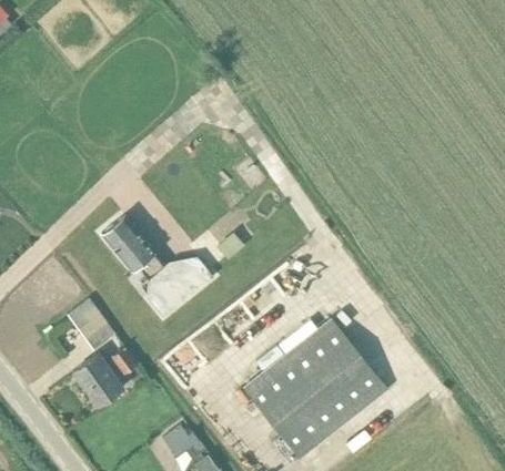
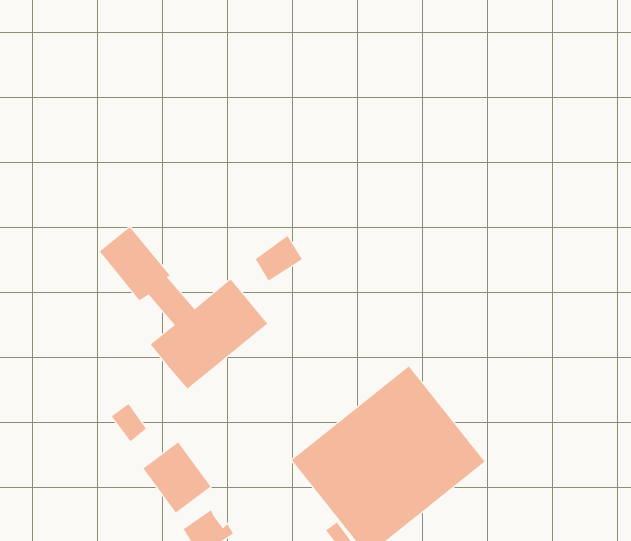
building: [67,298,114,350] -> none
building: [72,352,123,406] -> [143,441,212,513]

